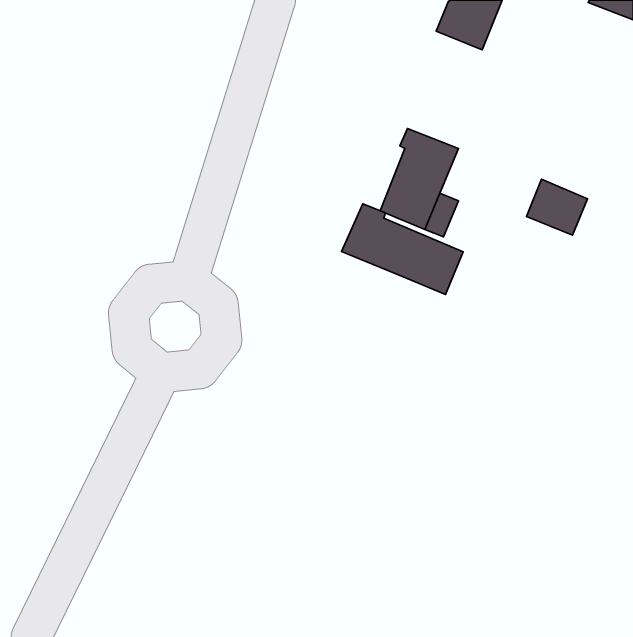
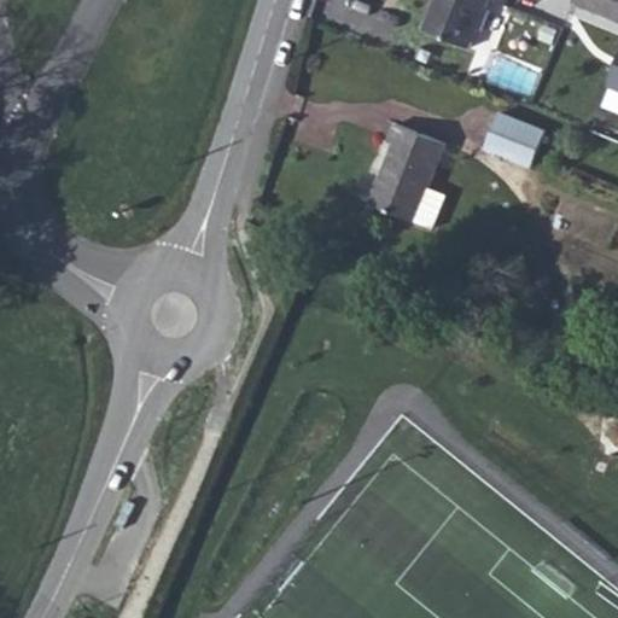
building: [526,179,587,235] -> [484,112,543,167]
building: [341,204,463,295] -> none

